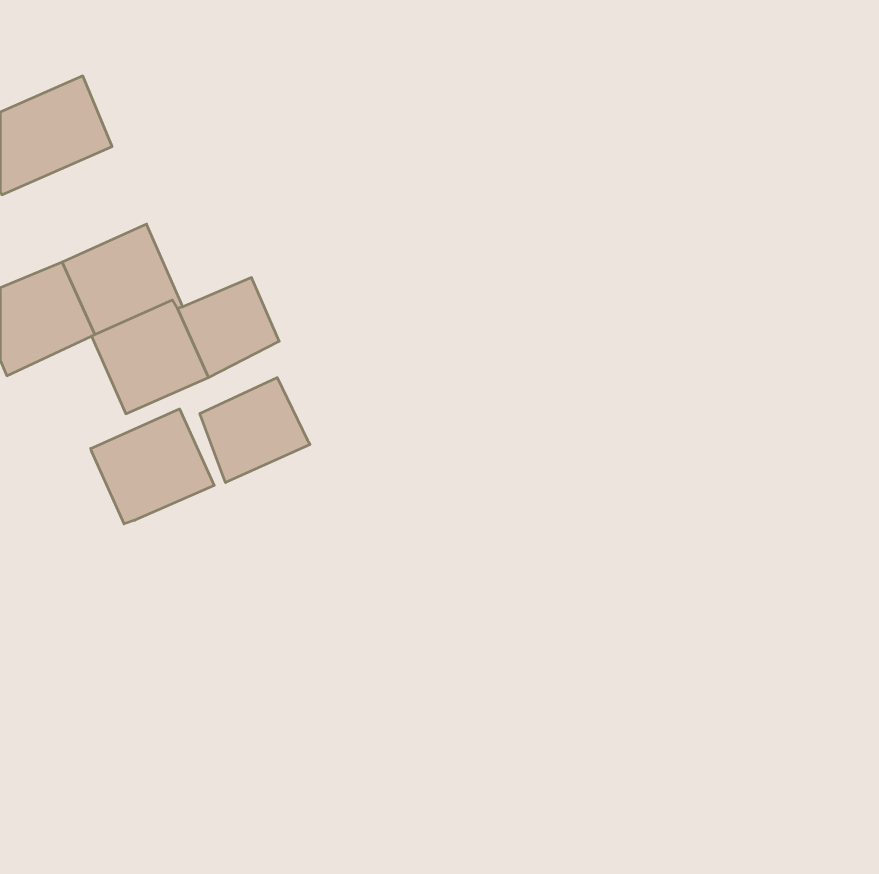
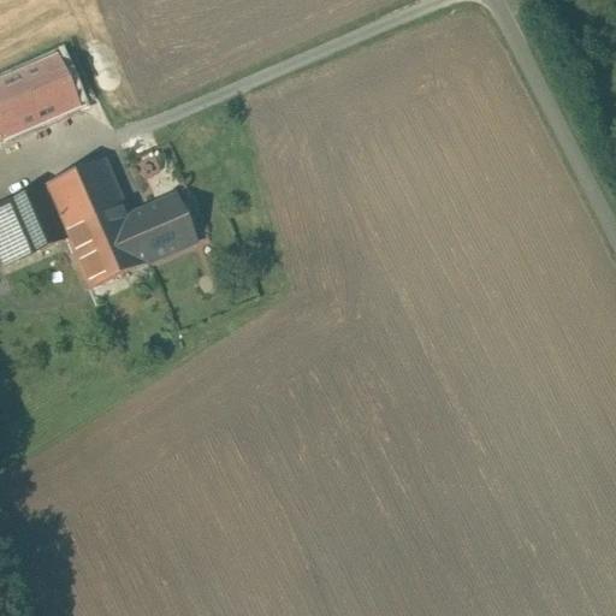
building: [200,378,310,483] -> none
building: [91,409,214,524] -> none

